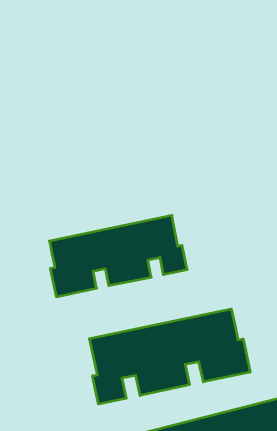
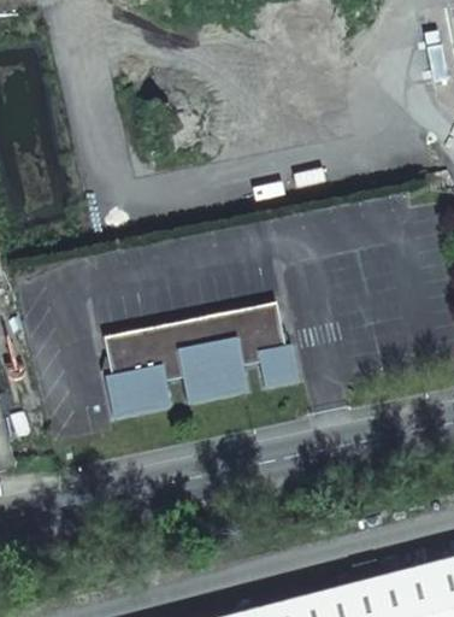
building: [89,309,250,404] -> none

